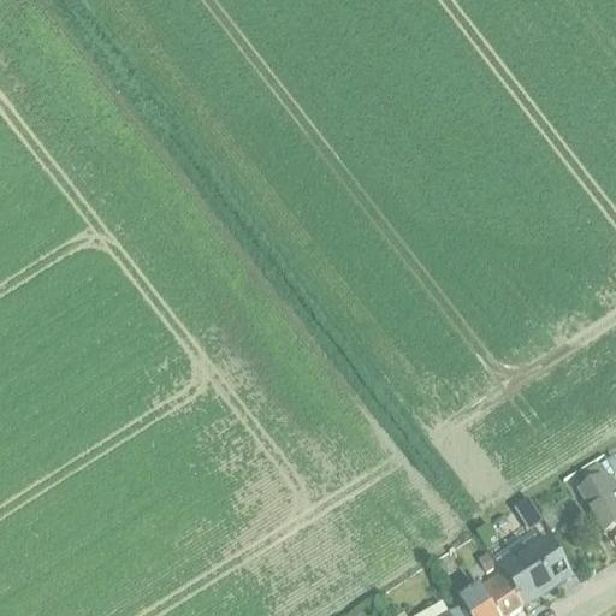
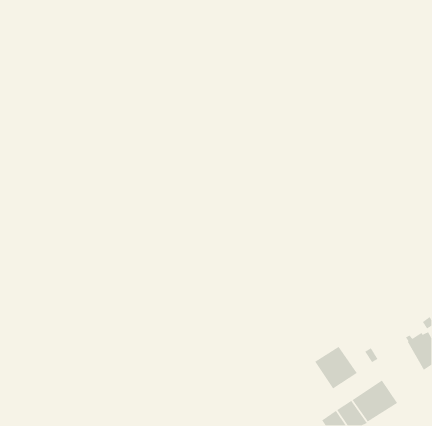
building: none -> [314,346,358,389]

